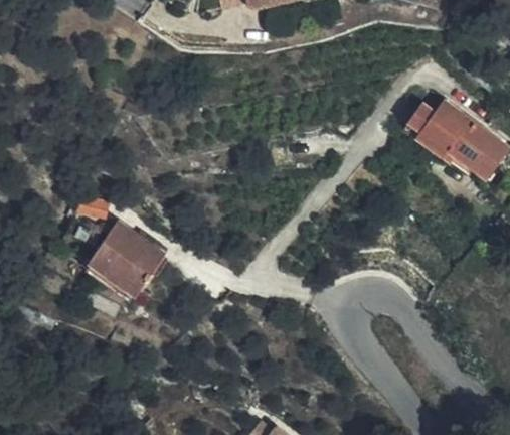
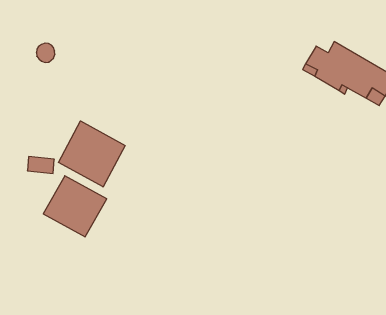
building: none -> [58,121,125,187]

